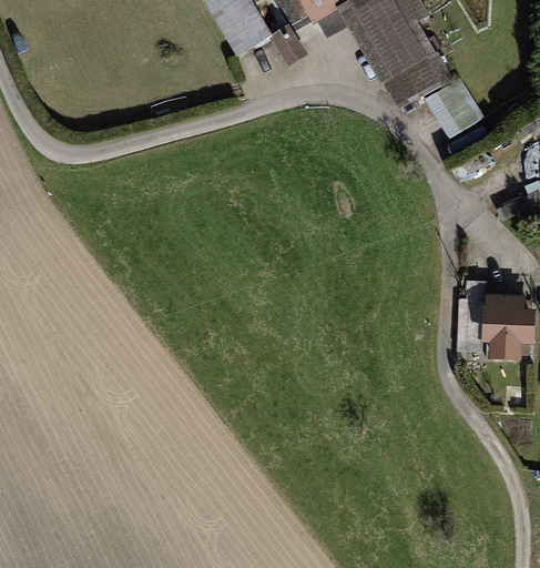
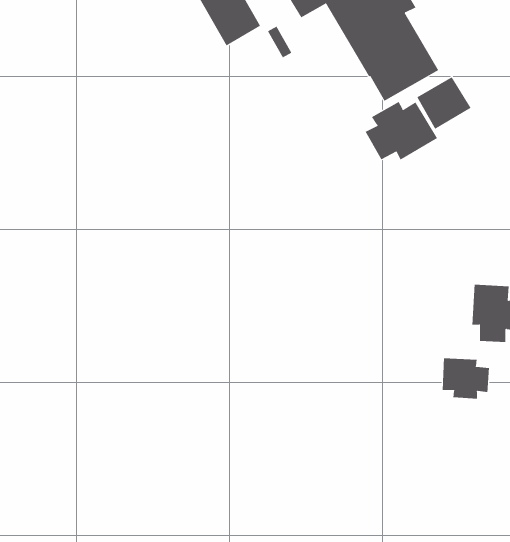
building: none -> [365,101,438,160]
building: none -> [442,357,490,400]

